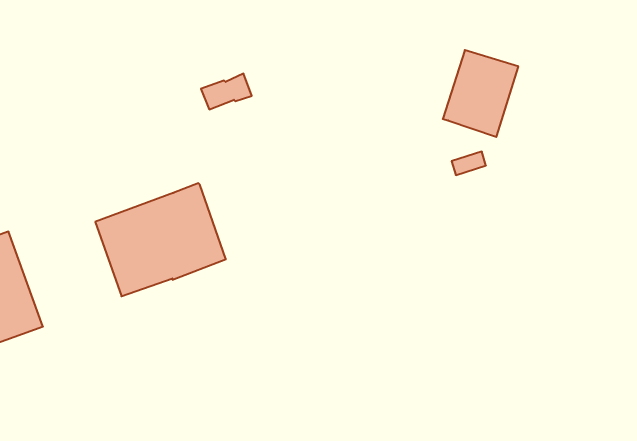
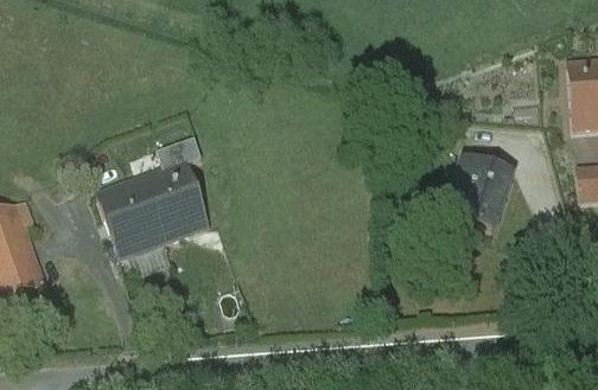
building: [443,50,518,137] -> [446,156,511,231]
building: [201,74,252,109] -> [158,138,202,168]

